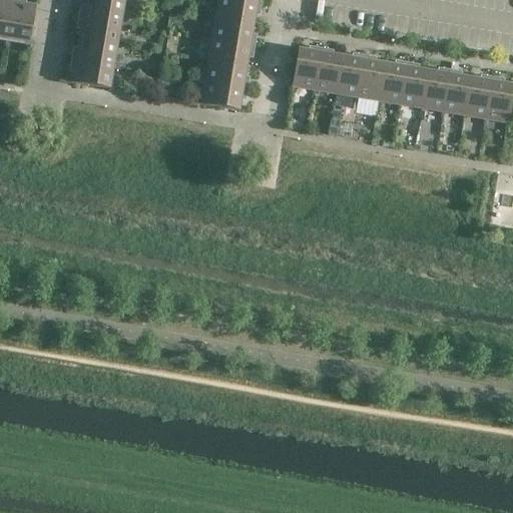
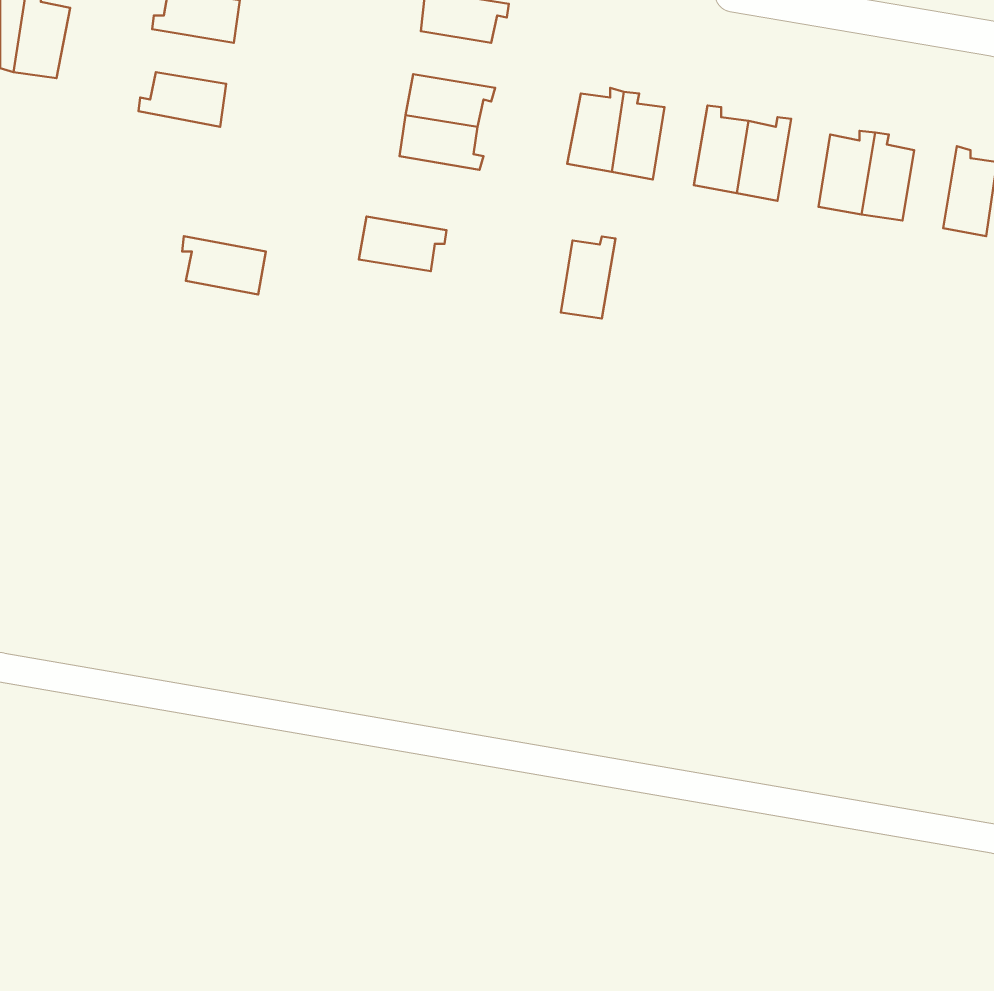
building: [78,15,121,43] -> none
building: [213,16,256,45] -> none
building: [337,53,365,95] -> [561,237,615,319]
building: [71,57,114,87] -> [182,236,266,295]
building: [401,61,428,106] -> none
building: [465,74,493,117] -> none
building: [202,80,247,108] -> [359,216,446,271]

